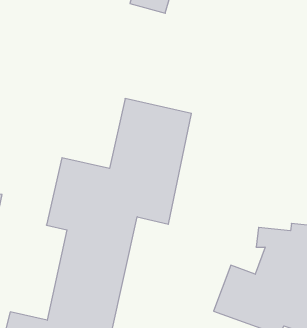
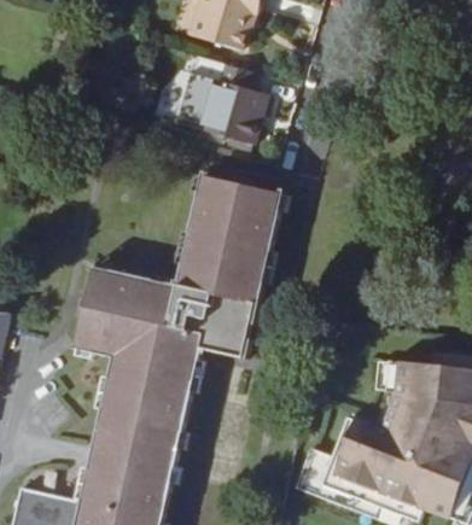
building: none -> [199,64,267,146]

